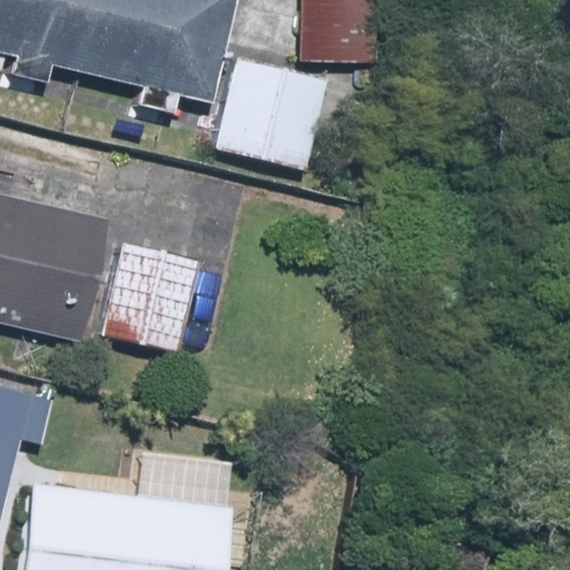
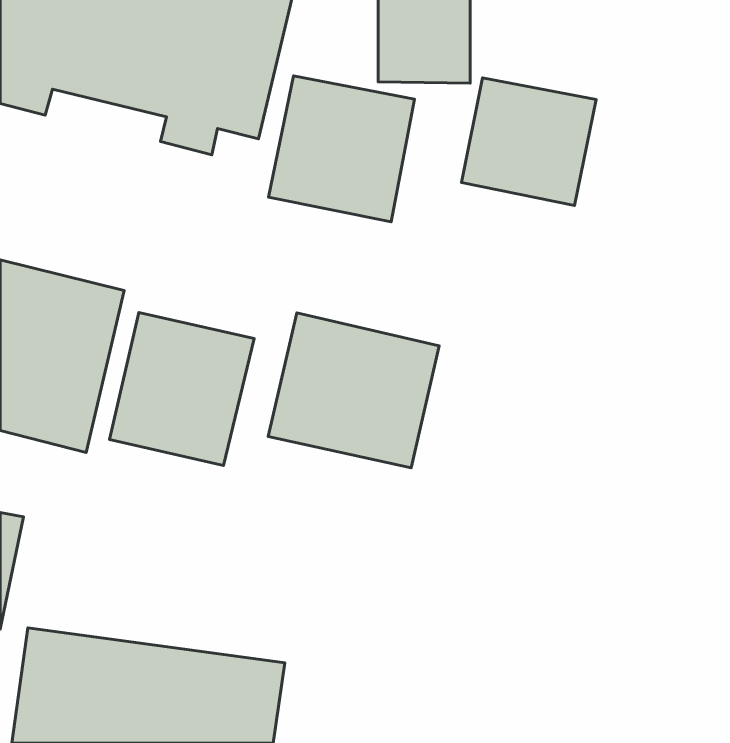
building: none -> [461,78,596,205]
building: none -> [268,313,439,468]

